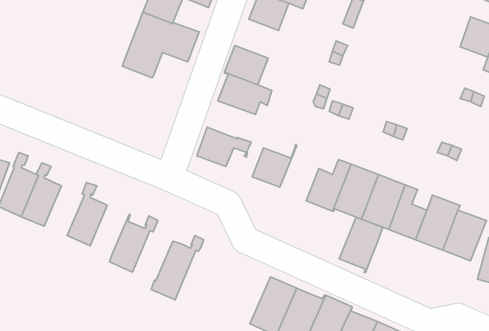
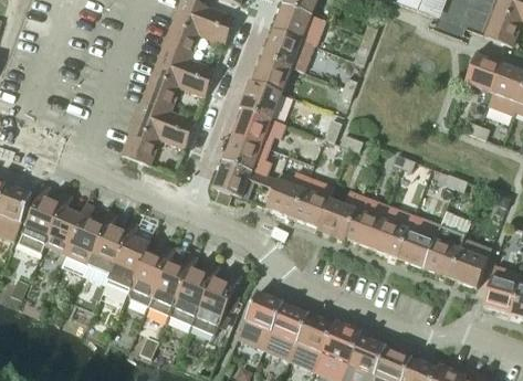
building: none -> [250,56,292,94]
building: none -> [122,102,196,166]
building: none -> [223,135,278,208]
building: none -> [66,203,105,264]
building: none -> [111,222,148,283]
building: [339,217,383,272] -> [293,178,335,231]
building: none -> [151,255,198,308]
building: none -> [196,274,242,327]
building: none -> [238,292,284,349]

